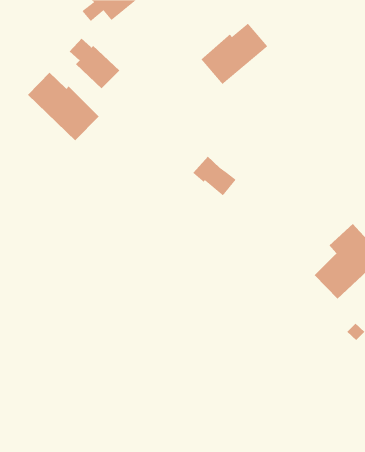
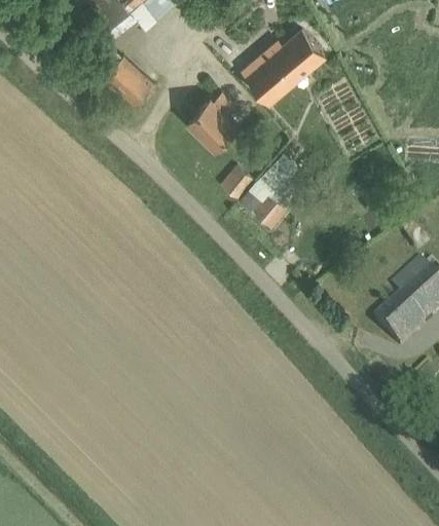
building: [27,72,99,141] -> none
building: none -> [188,90,240,147]
building: none -> [222,163,254,196]

